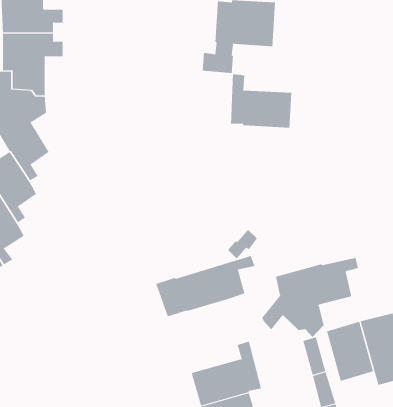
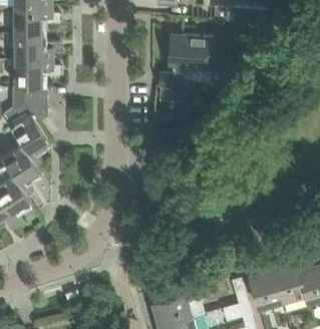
building: [231,74,292,129] -> none
building: [156,255,255,317] -> none
building: [262,257,359,338] -> none

